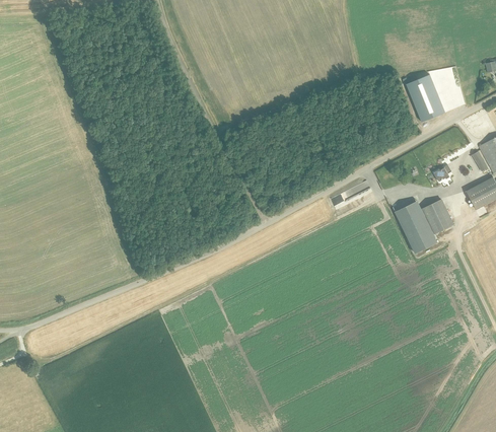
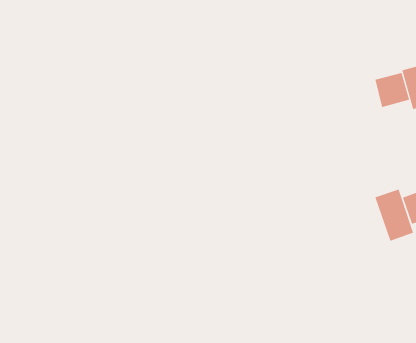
building: none -> [375,72,410,108]

